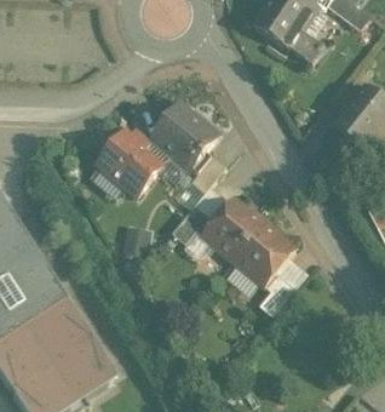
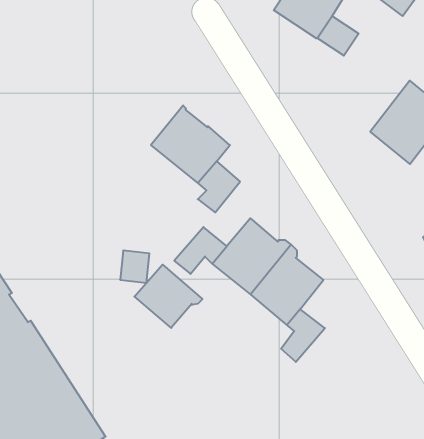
building: [99,128,165,193] -> none
building: none -> [134,265,202,328]

